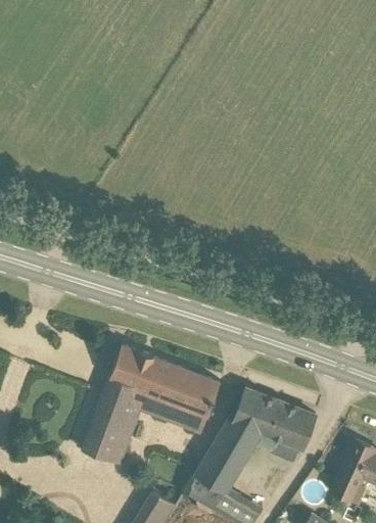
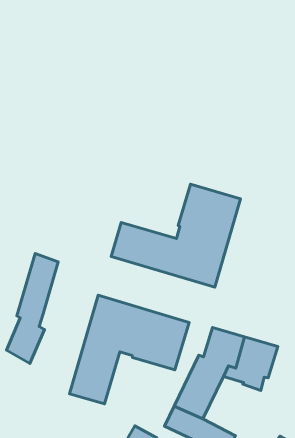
building: none -> [111,184,240,287]
building: none -> [7,254,58,363]

